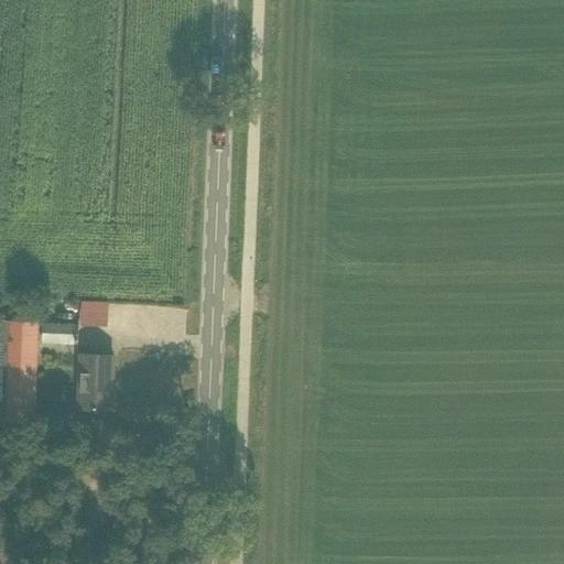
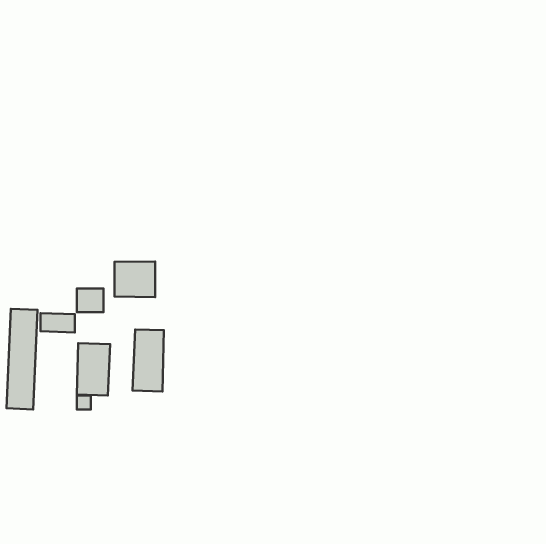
building: none -> [114,261,155,297]
building: none -> [133,329,164,392]

